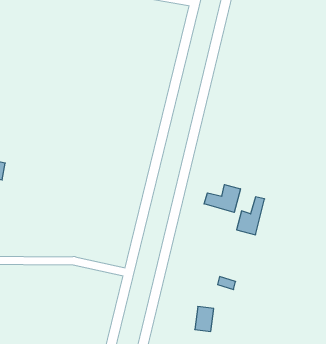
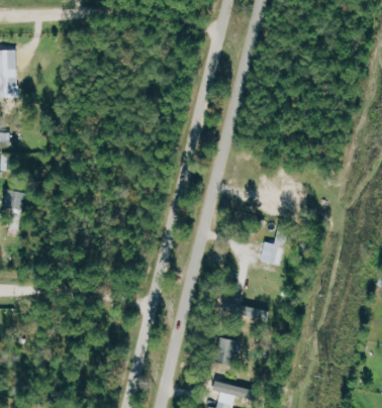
building: [204,185,240,212] -> none

